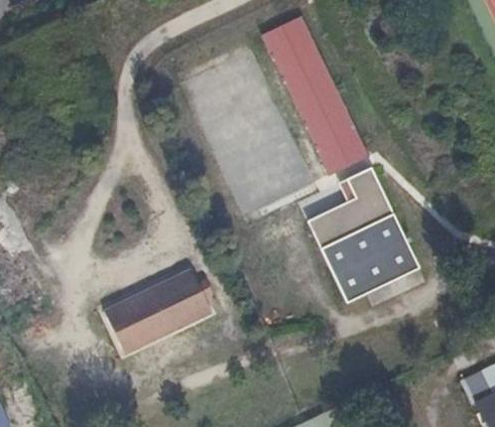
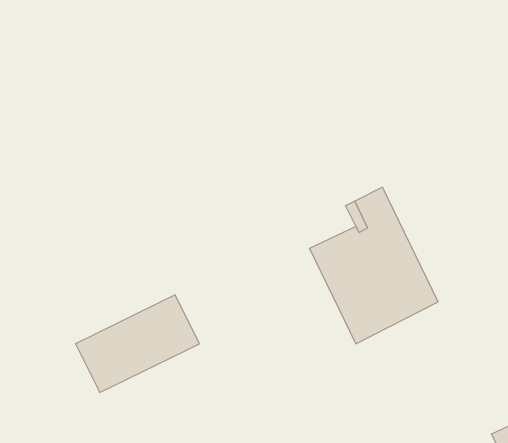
building: [264,20,367,175] -> none

